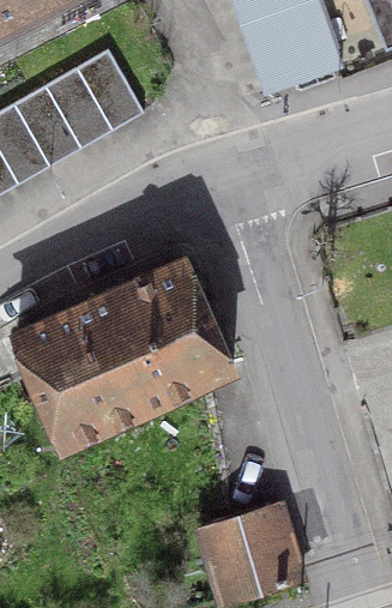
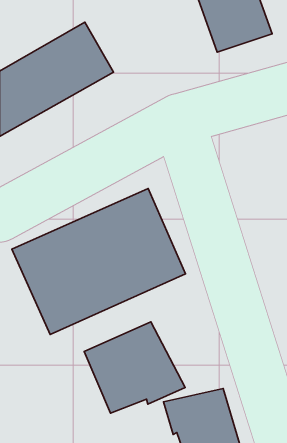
building: none -> [84,322,185,413]

